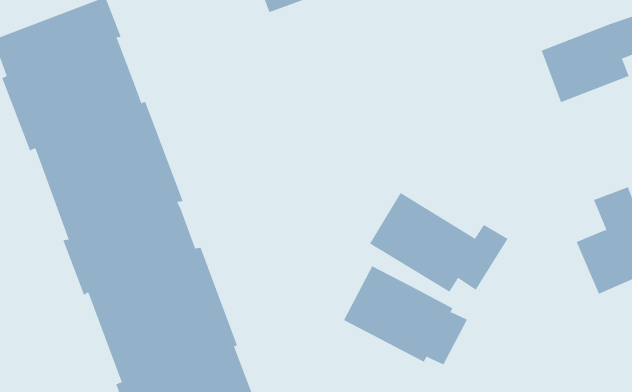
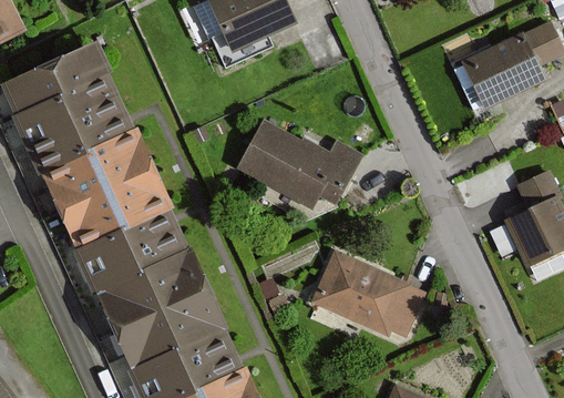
building: [369,192,509,293] -> [239,122,357,204]

